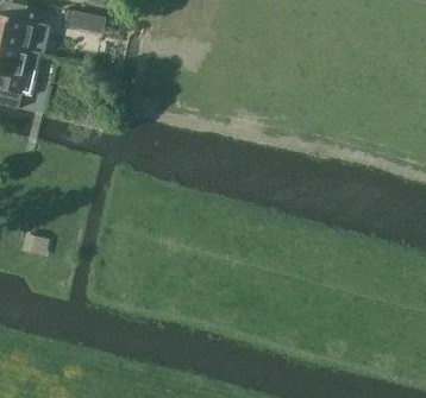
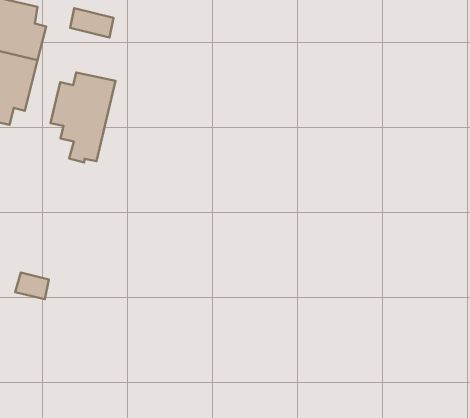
building: none -> [50,72,115,162]

